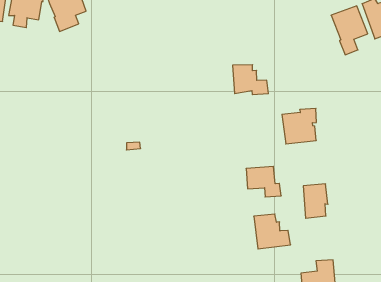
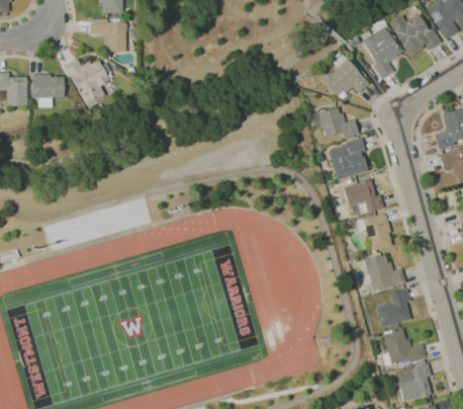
building: none -> [321,59,368,95]
building: [233,65,268,95] -> [316,107,358,140]
building: [246,166,281,197] -> [342,179,382,212]
building: [254,214,291,249] -> [362,254,404,293]

